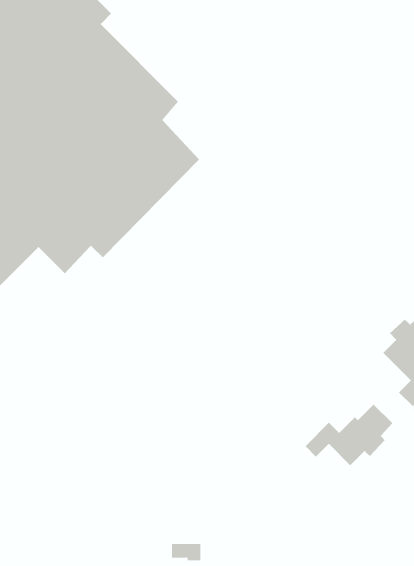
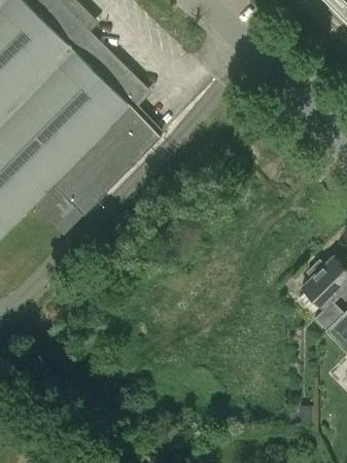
building: [305,404,393,466] -> none

